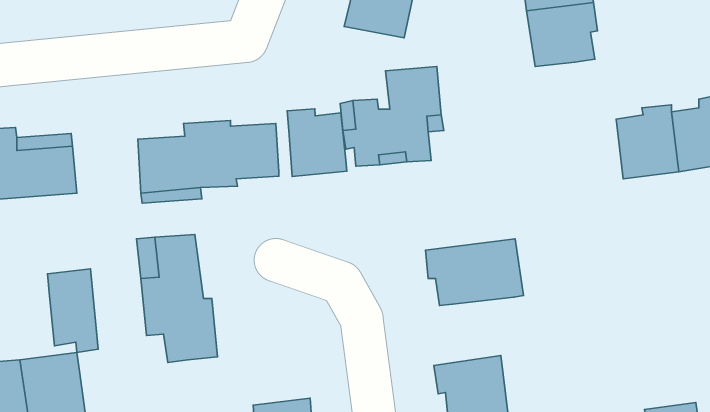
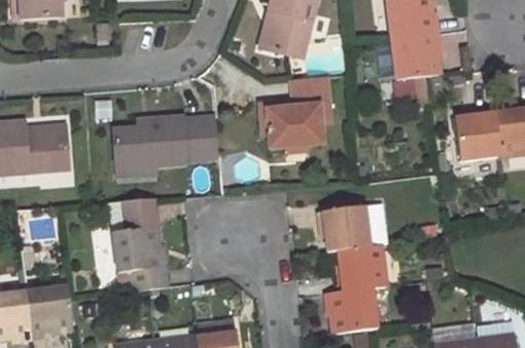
building: [287,109,347,177] -> none
building: [48,269,98,353] -> none
building: none -> [336,244,388,292]

